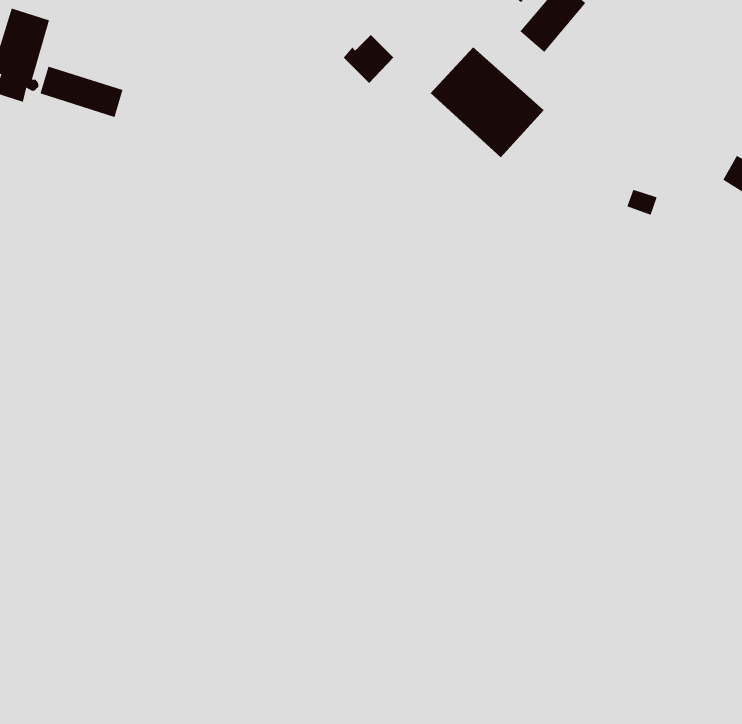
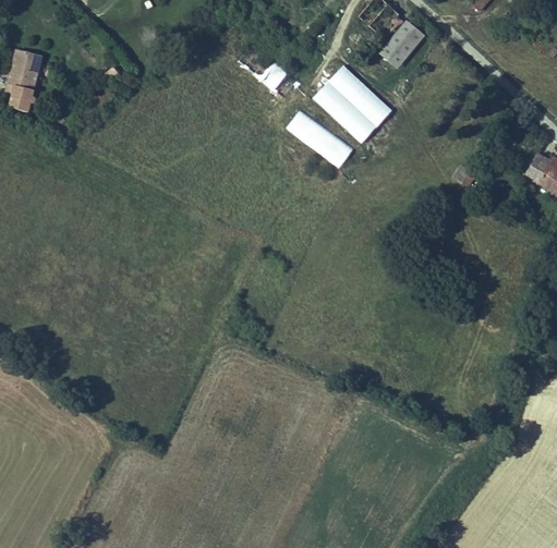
building: [40,66,123,118] -> none
building: none -> [287,111,352,169]

